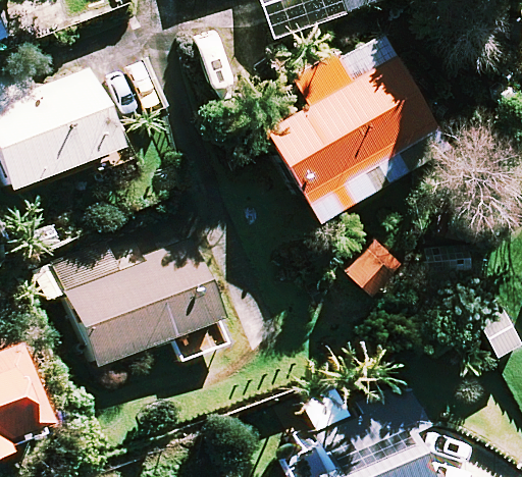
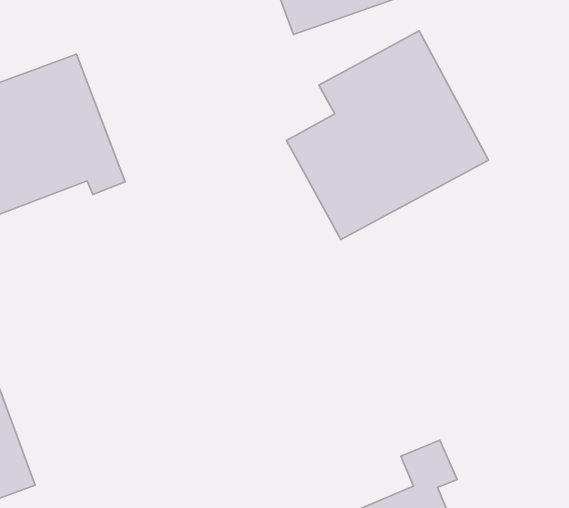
building: [43,245,226,368] -> none

